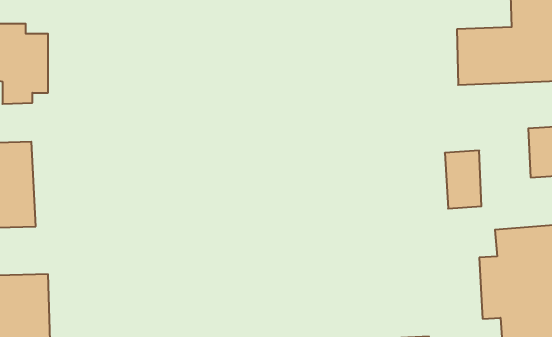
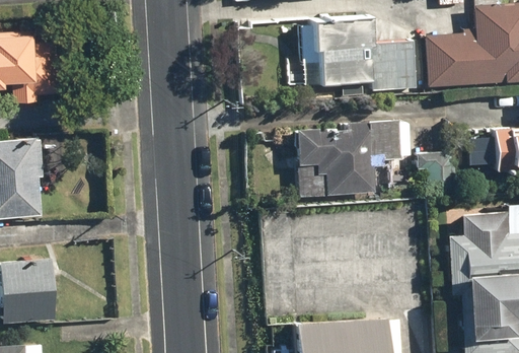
building: none -> [305,20,416,88]
building: none -> [290,122,394,198]

